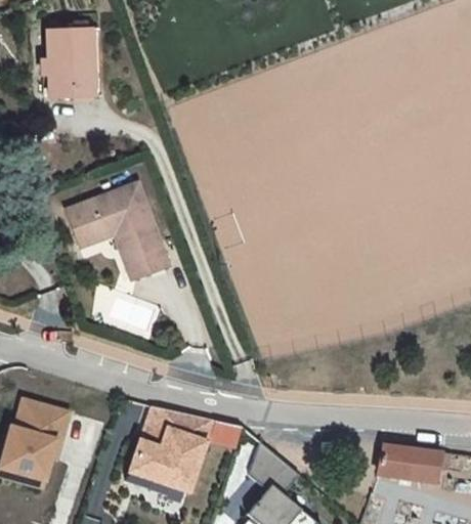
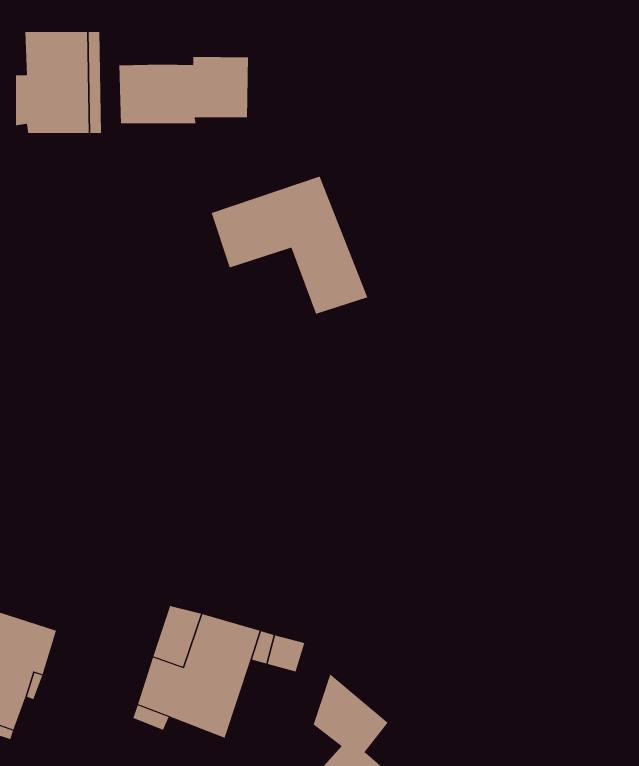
building: none -> [119,56,249,124]
building: [67,183,171,275] -> [211,176,368,315]
building: [382,451,445,485] -> none

